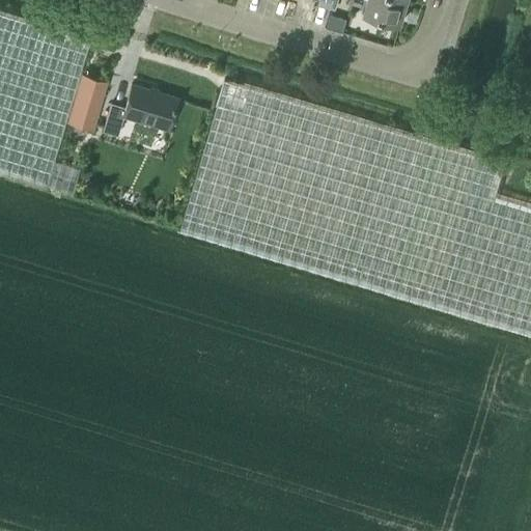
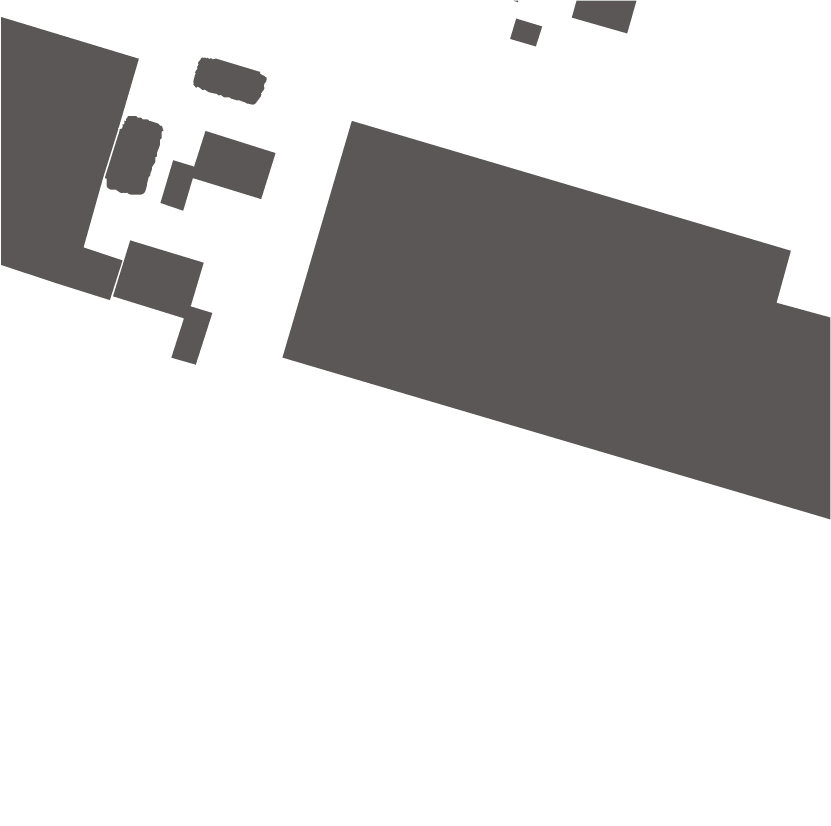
building: none -> [192,56,267,105]
building: none -> [112,240,213,366]

